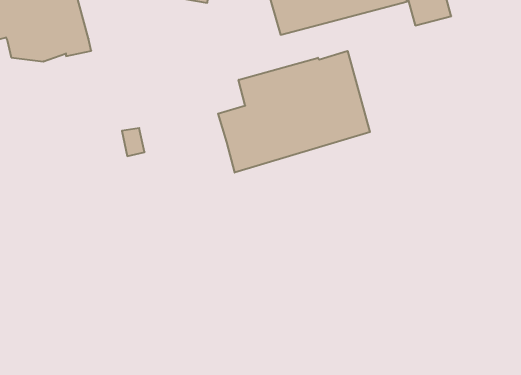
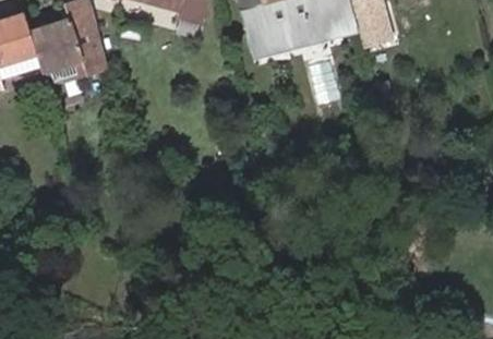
building: [218,51,370,173] -> none

